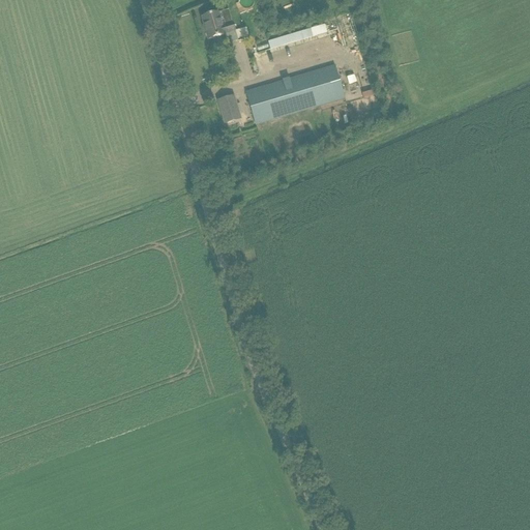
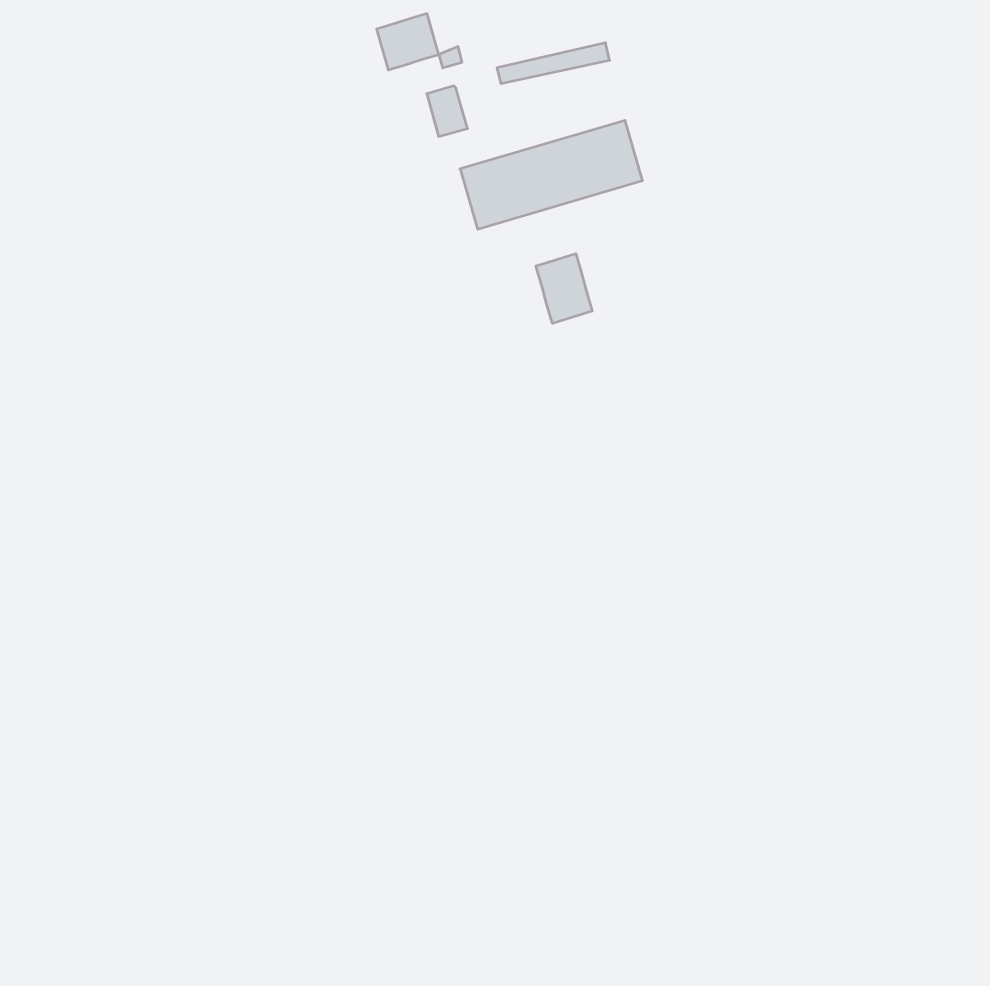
building: [217,94,239,121] -> [427,86,468,136]
building: none -> [536,254,592,323]

